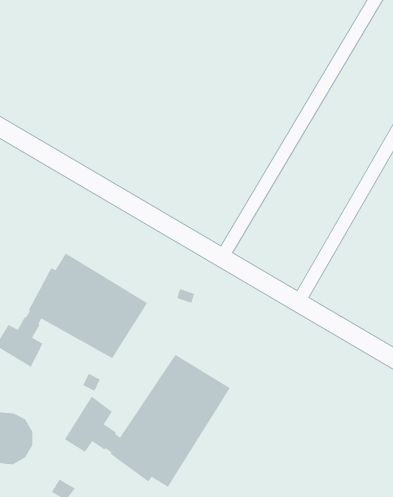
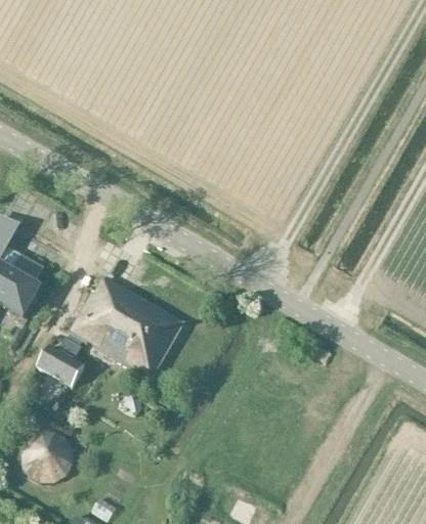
building: [64,354,231,488] -> none

